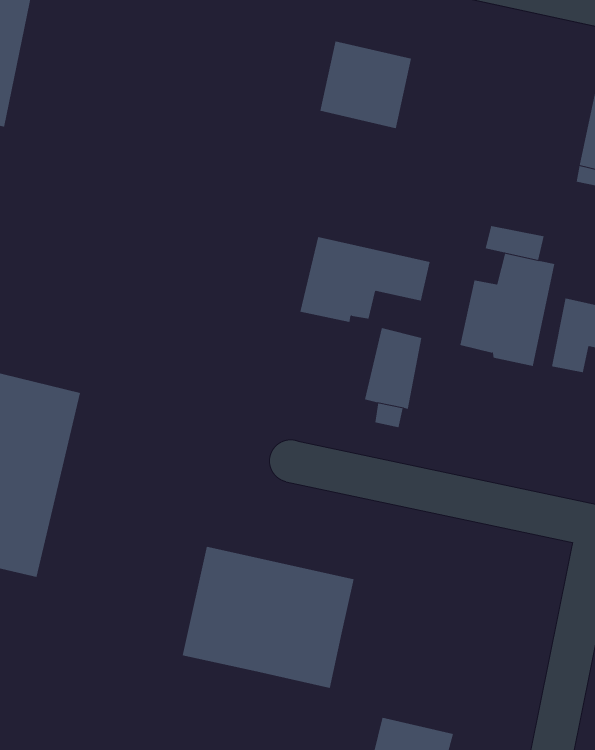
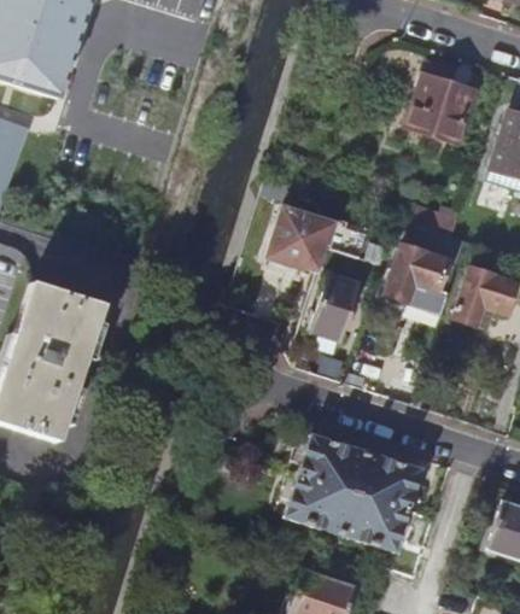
building: [319,41,412,129] -> [405,74,479,145]
building: [182,546,355,688] -> [284,434,420,551]

